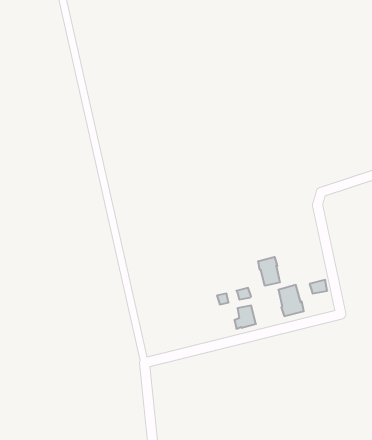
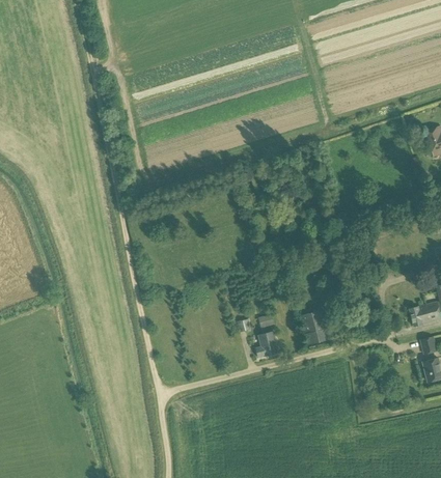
building: [258,257,280,286] -> none

